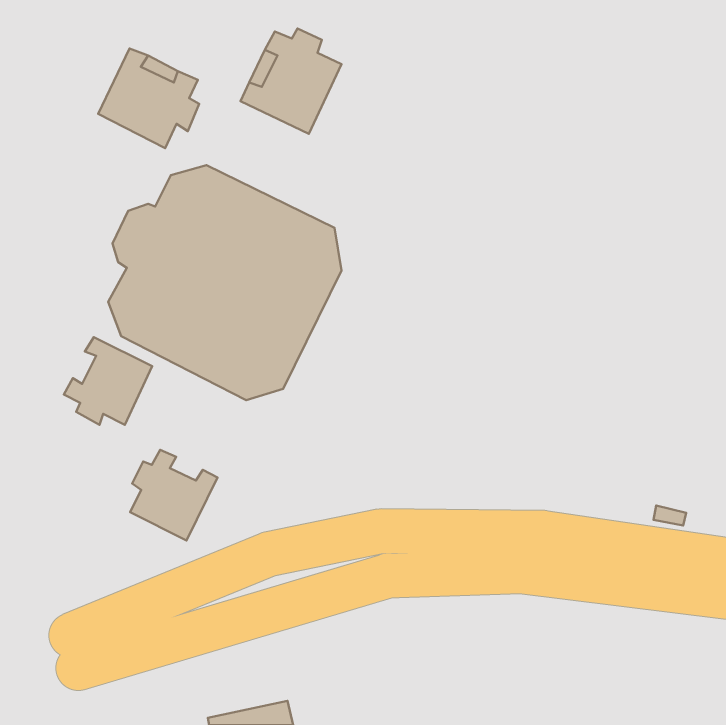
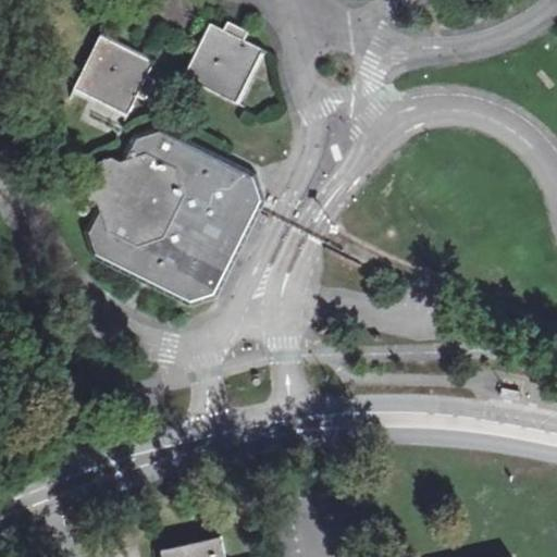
building: [64,337,152,425] -> none
building: [130,450,218,541] -> none

